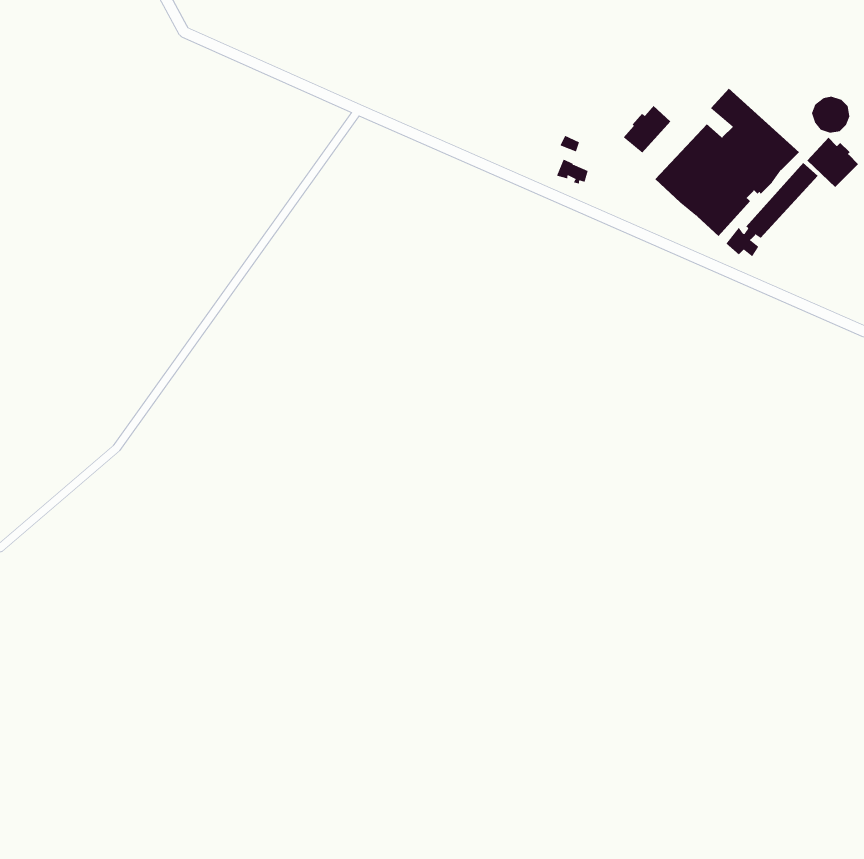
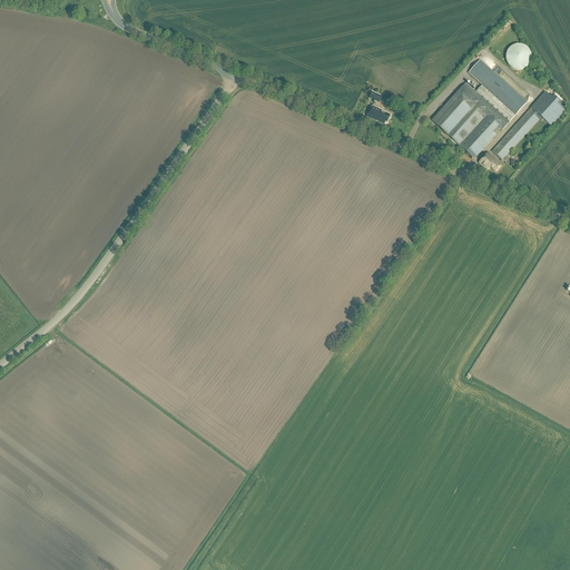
building: [811,96,850,133] -> [505,42,531,67]
building: [623,105,671,154] -> none

